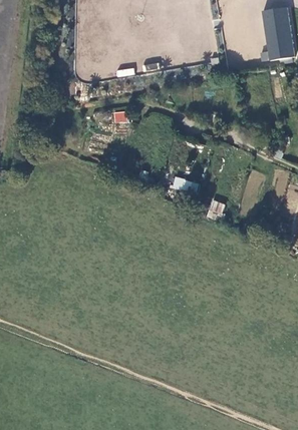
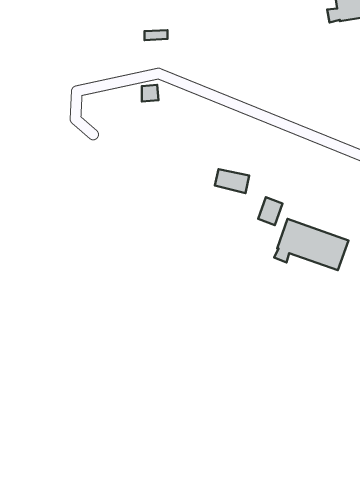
building: none -> [274,219,348,270]

